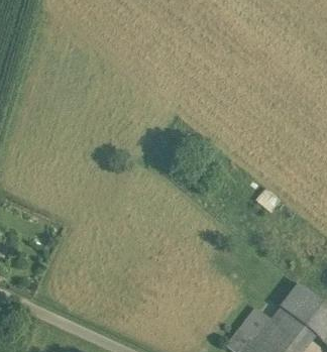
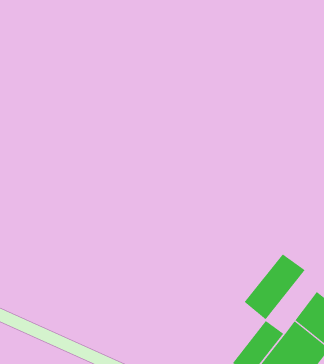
building: none -> [244,253,305,320]

